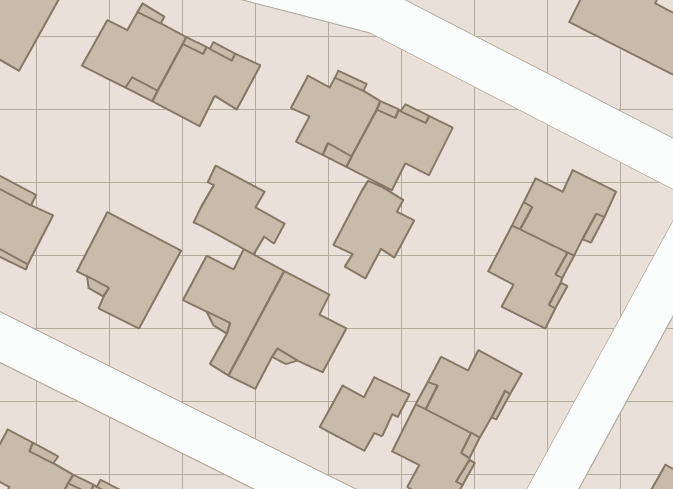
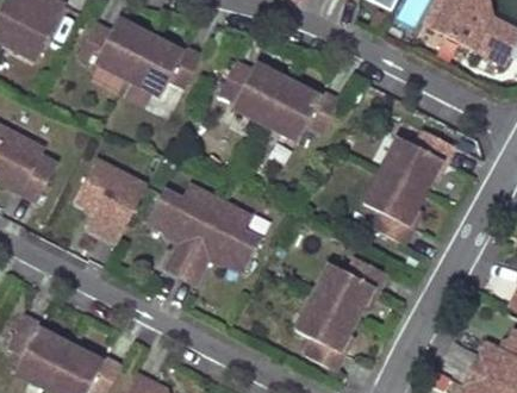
building: [194,166,285,255] -> none
building: [334,181,414,278] -> none
building: [320,377,409,451] -> none

